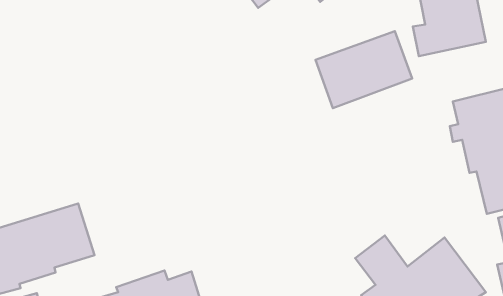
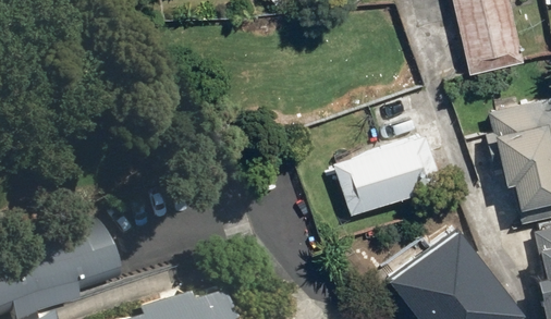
building: [315,31,412,108] -> [332,135,434,217]

